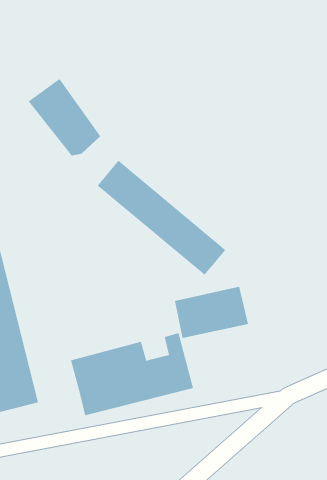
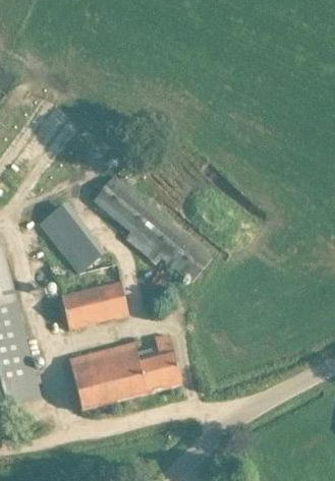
building: [28,78,101,156] -> [39,200,106,272]
building: [174,286,249,339] -> [60,281,128,328]

